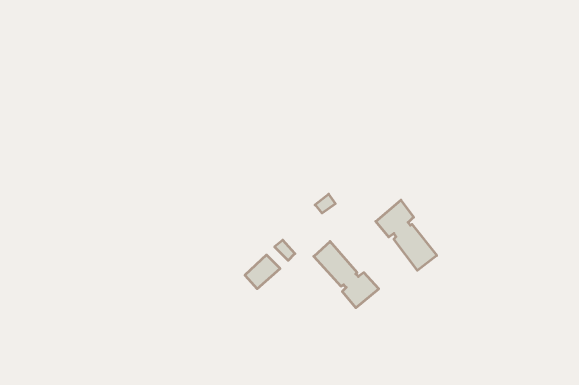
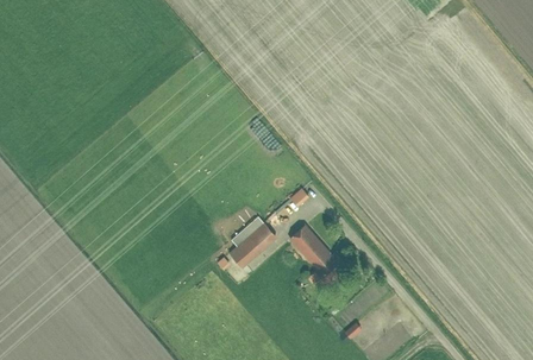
building: [376,200,437,270] -> none

